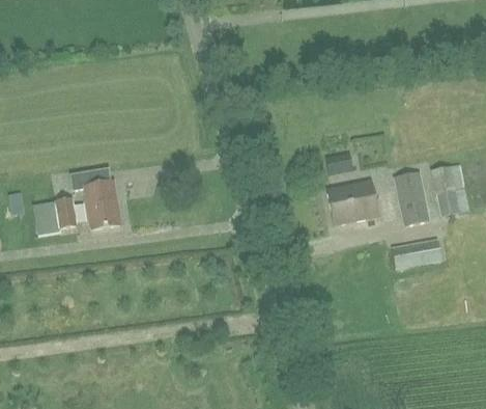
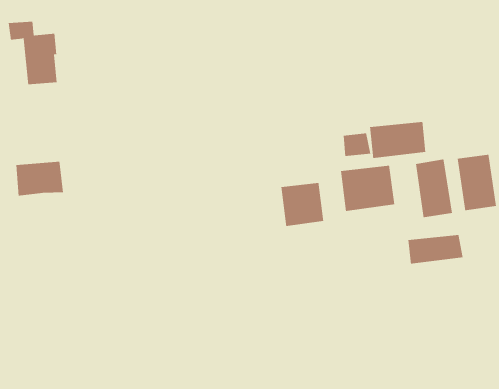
building: none -> [369,121,426,159]
building: [70,170,119,228] -> [8,21,58,85]
building: none -> [281,182,324,227]

